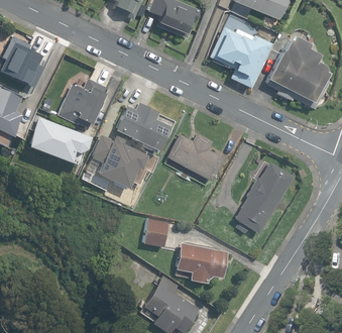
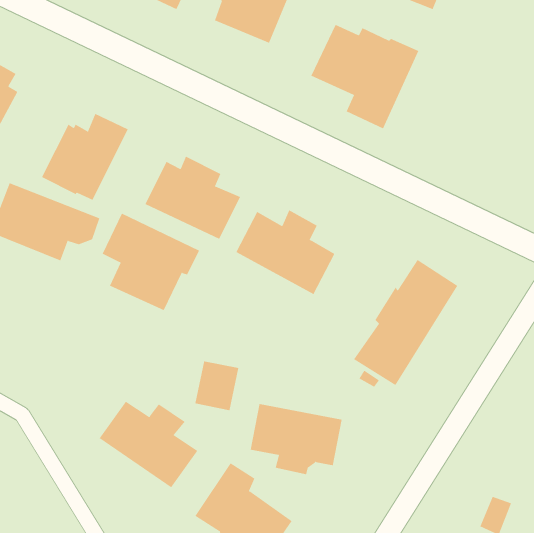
building: [264,35,328,108] -> none
building: none -> [99,401,198,488]

